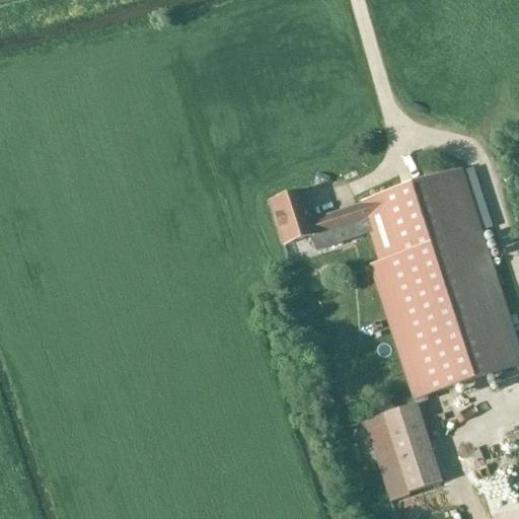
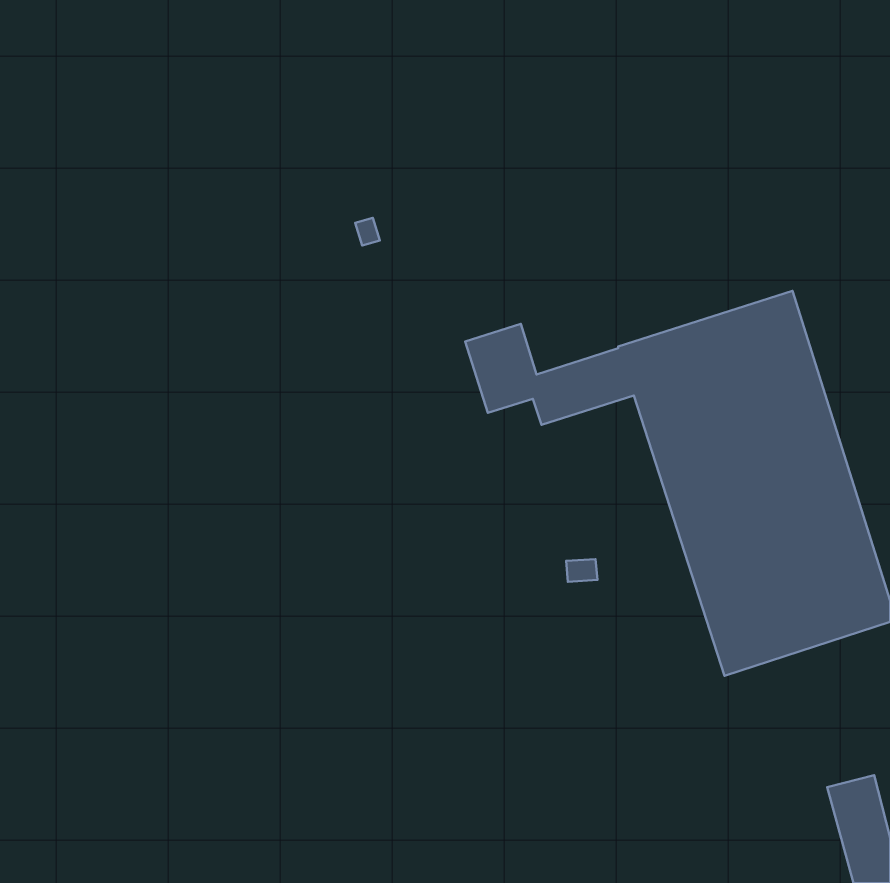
building: [364,402,444,501] -> none

